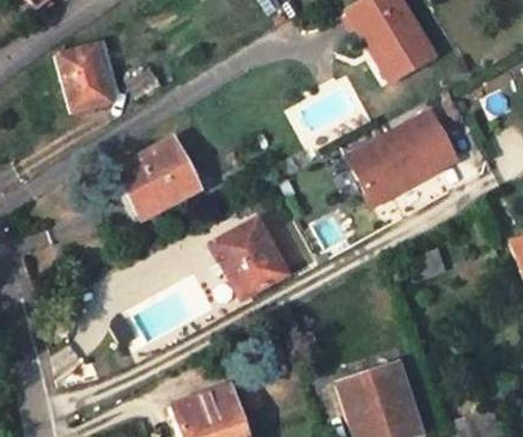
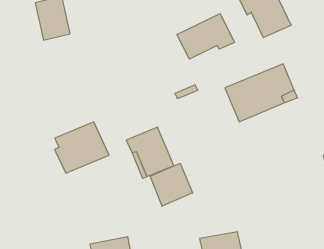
building: none -> [177,14,235,59]
building: [117,140,200,220] -> [55,122,109,173]
building: none -> [150,163,193,206]

